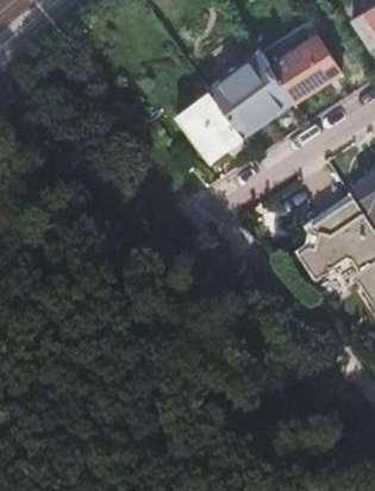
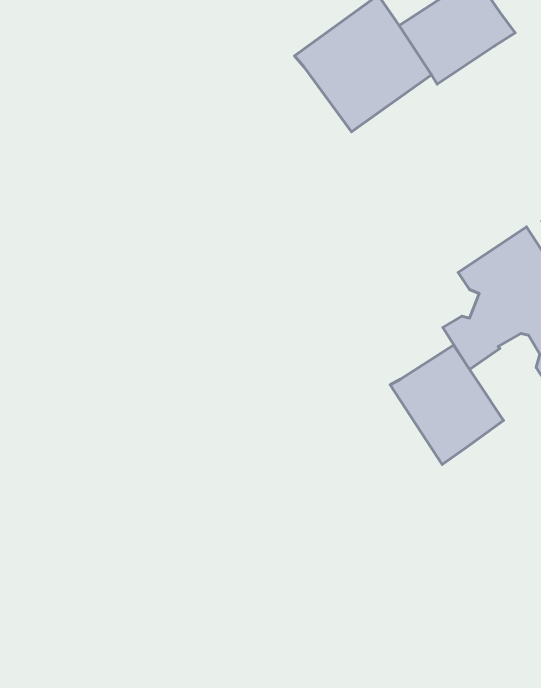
building: [181,93,246,163] -> none
building: none -> [390,345,503,465]

